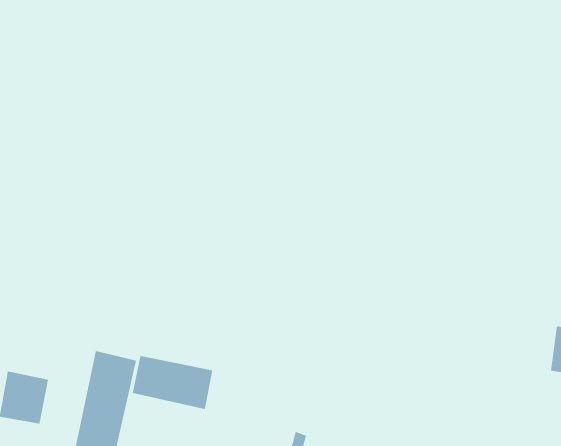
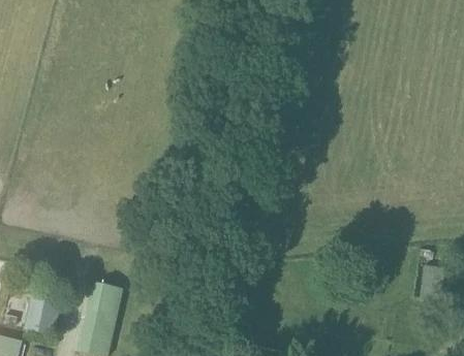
building: [132,355,213,410] -> none

